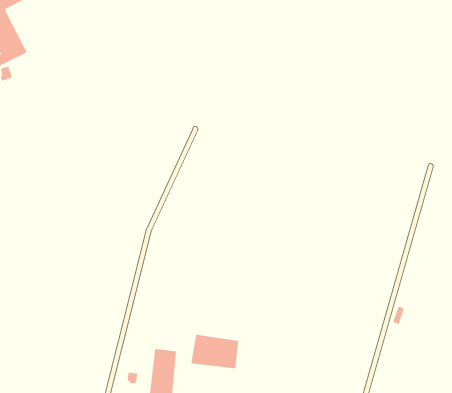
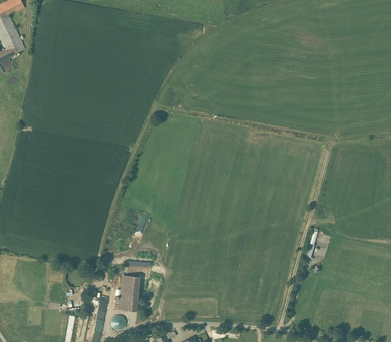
building: [191,334,239,369] -> none

